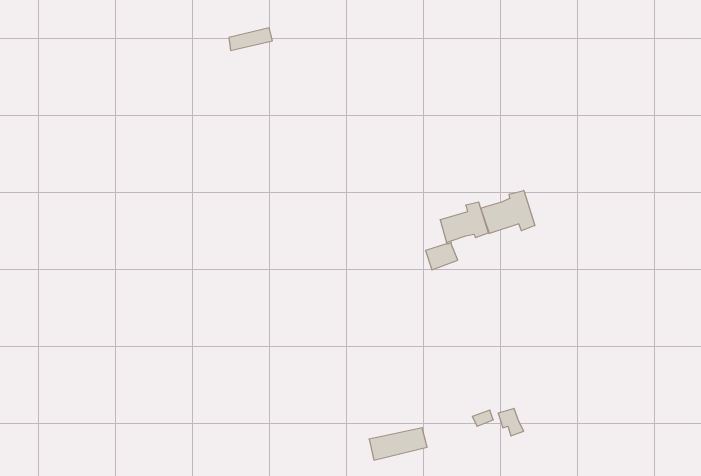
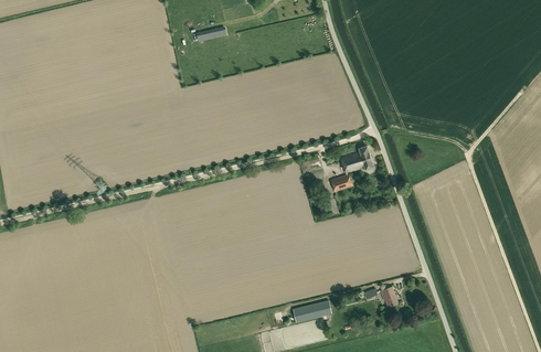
building: [481,190,535,234] -> none

